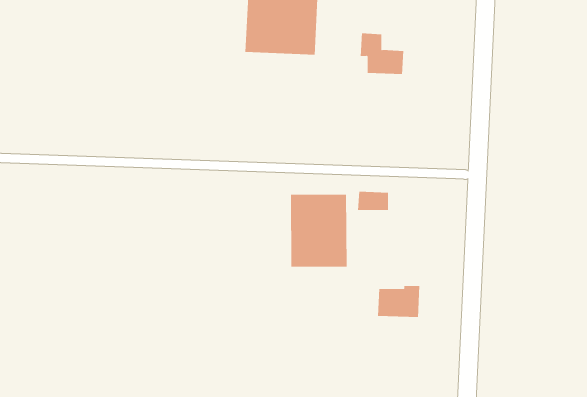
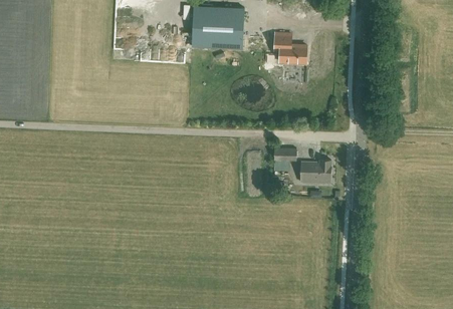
building: [291,194,347,268] -> none
building: [377,286,420,318] -> [299,161,330,184]

